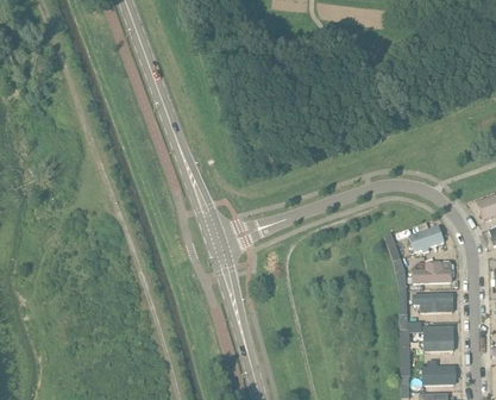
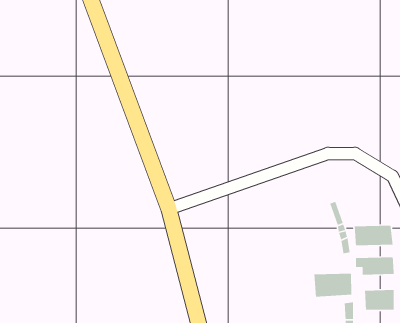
building: [407,225,445,252] -> none
building: none -> [313,273,352,297]

